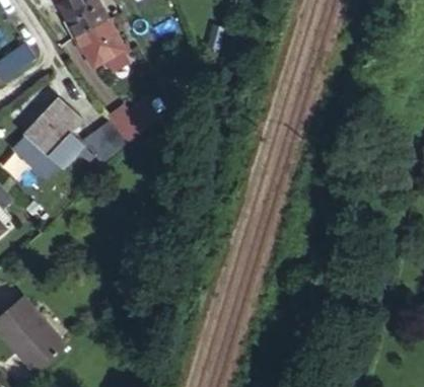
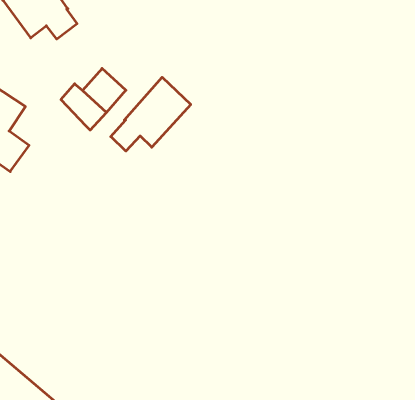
building: none -> [111,77,191,151]
building: [81,123,123,165] -> none

